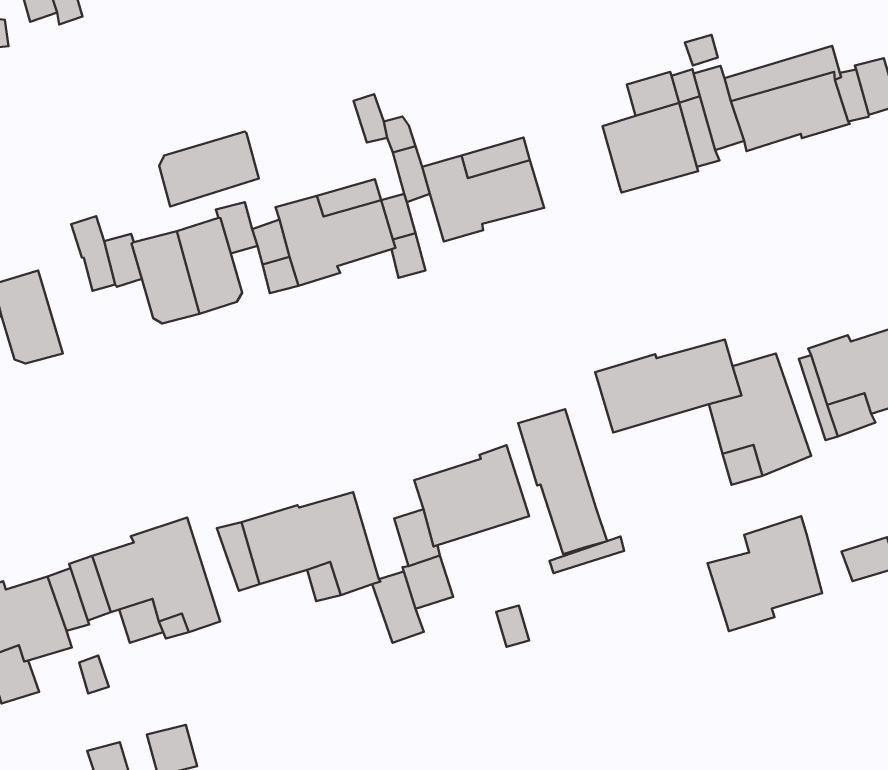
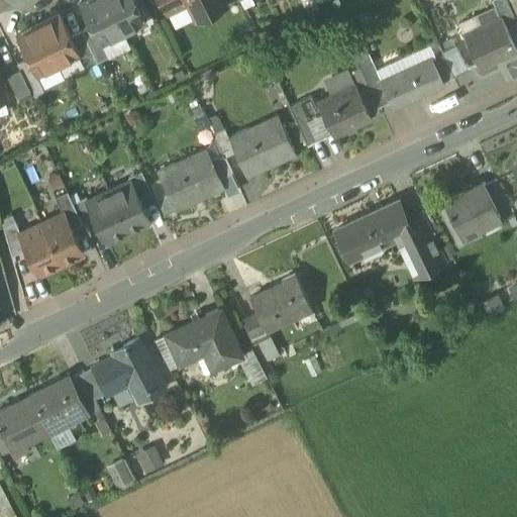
building: none -> [290,99,332,147]
building: [159,132,259,207] -> none
building: none -> [41,214,81,265]
building: [518,409,607,554] -> none
building: [707,516,822,631] -> none

